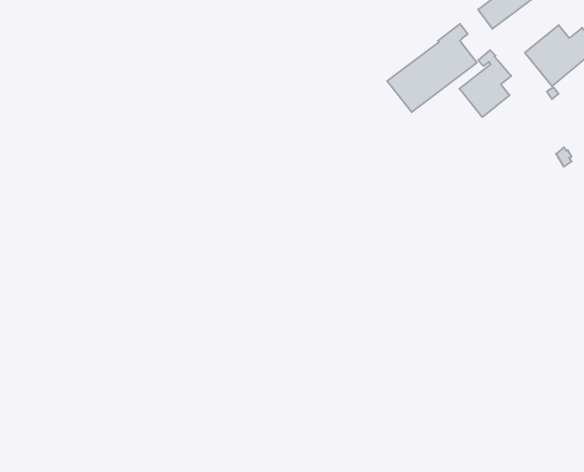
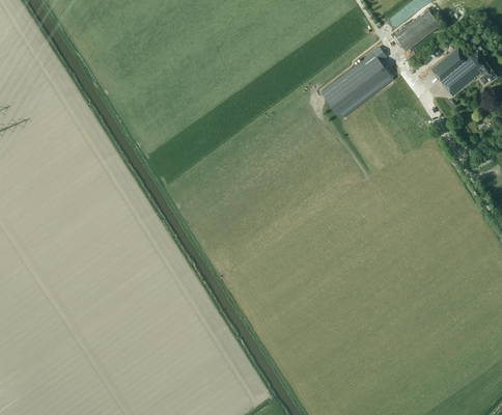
building: [459,50,511,117] -> none

